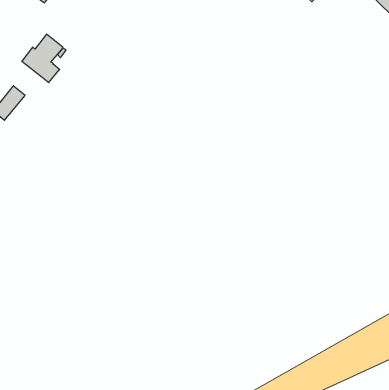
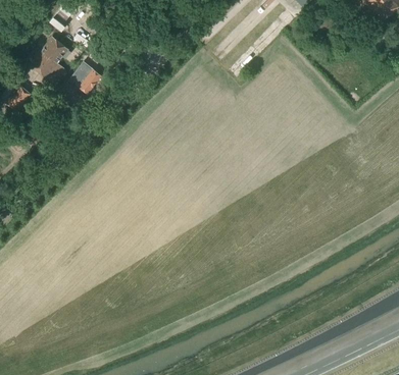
building: none -> [64,55,98,94]

